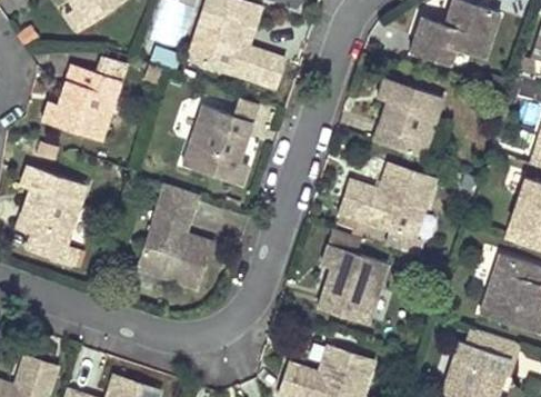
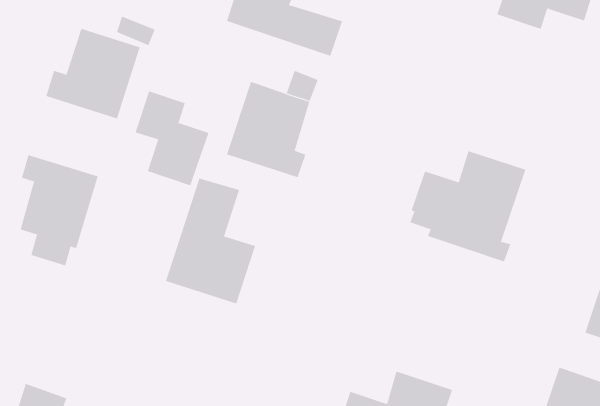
building: [354,77,442,155] -> none
building: none -> [135,90,209,186]
building: [319,242,387,320] -> none

